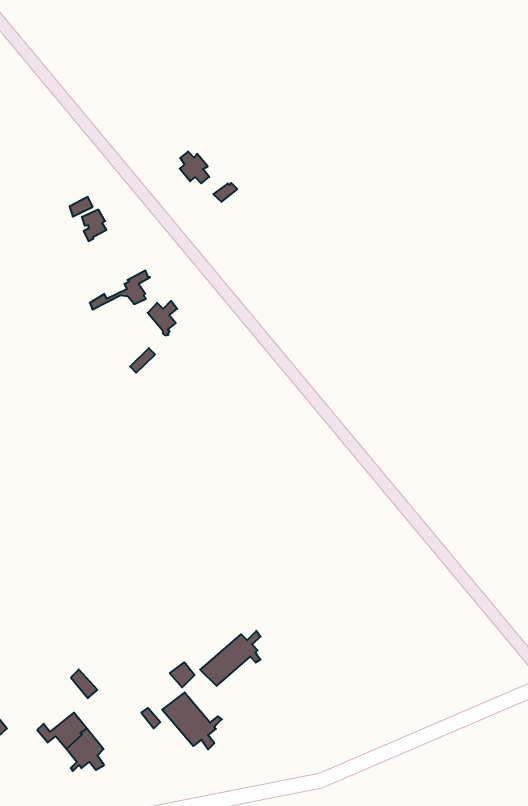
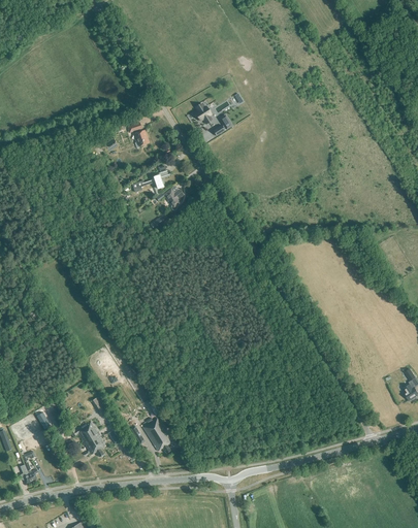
building: [200,631,261,686] -> none

